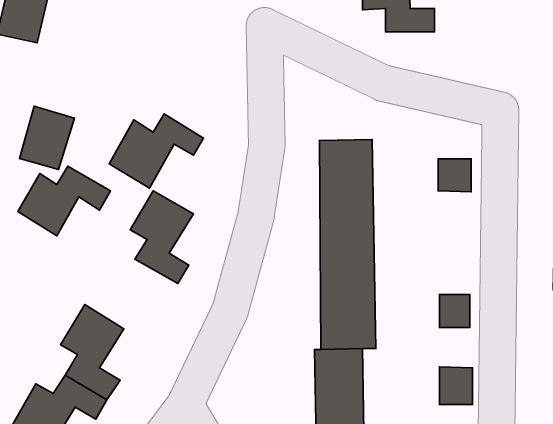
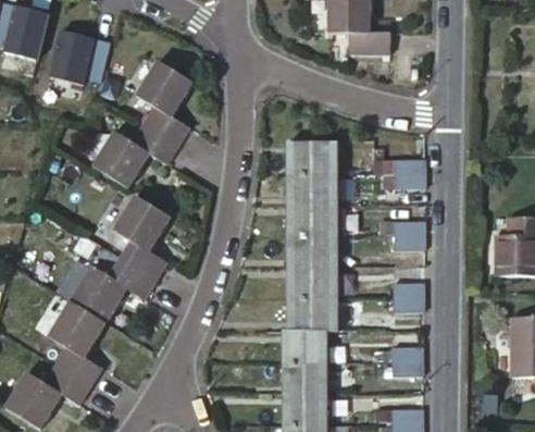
building: none -> [141,59,198,144]
building: [19,106,74,170] -> [45,28,94,85]
building: [18,166,111,236] -> [77,251,160,313]
building: none -> [391,222,421,254]

